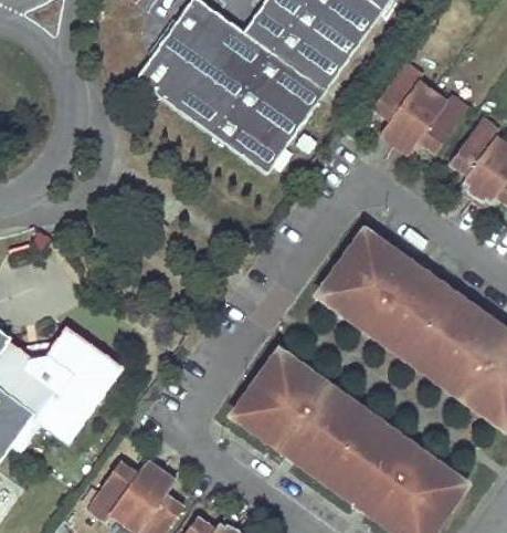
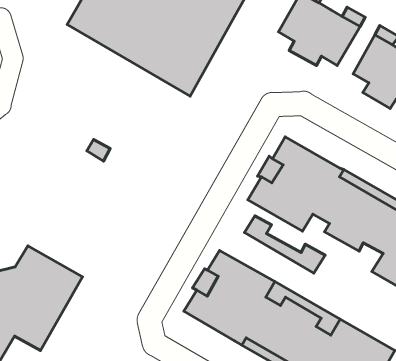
building: [374,320,462,390] -> [245,216,325,273]

